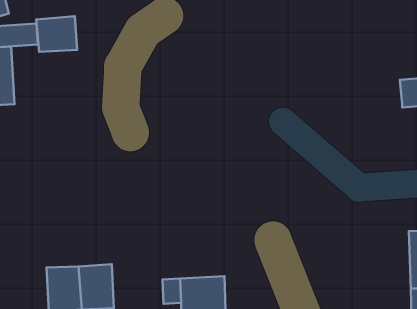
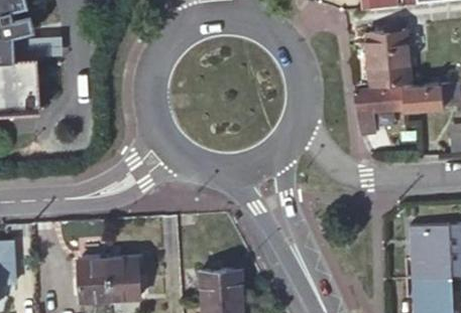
building: [36,16,77,52] -> none
building: none -> [366,31,407,85]
building: none -> [354,88,404,134]

